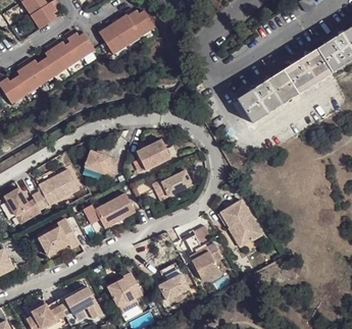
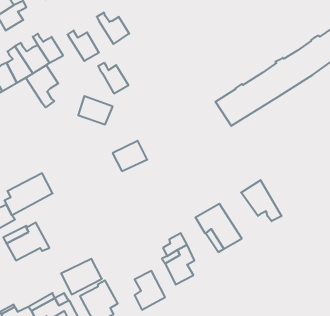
building: [110,22,140,52] -> [98,63,129,93]
building: none -> [26,65,58,107]
building: [86,151,119,178] -> [78,96,113,124]
building: [153,166,194,198] -> none
building: none -> [241,180,282,221]
building: [95,189,135,224] -> [61,259,102,294]

